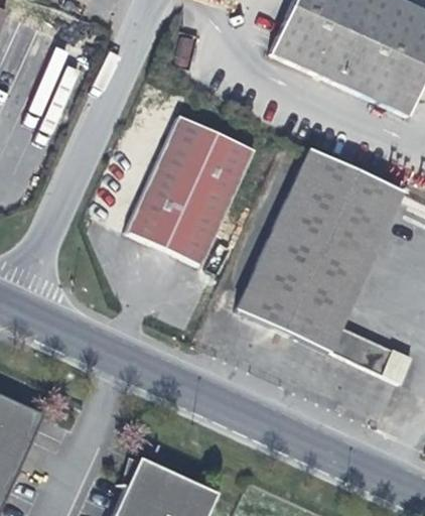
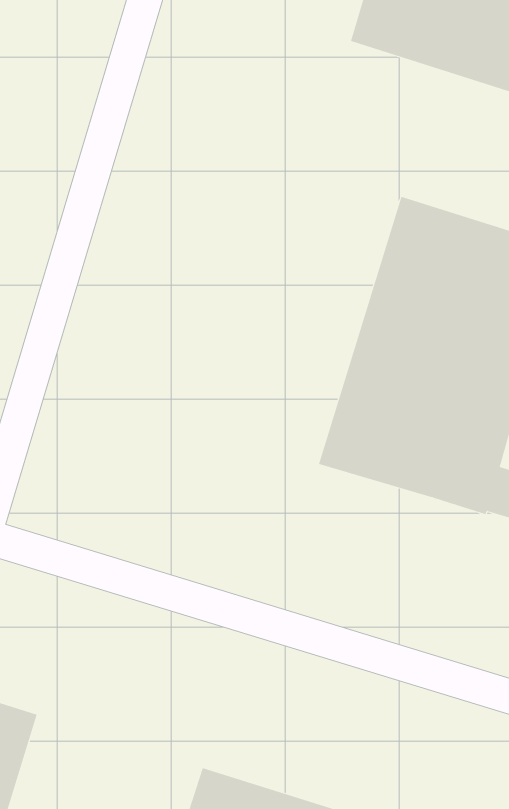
building: [116,112,245,262] -> none

